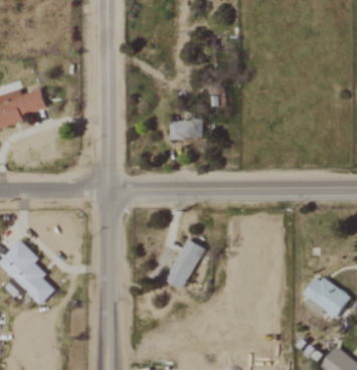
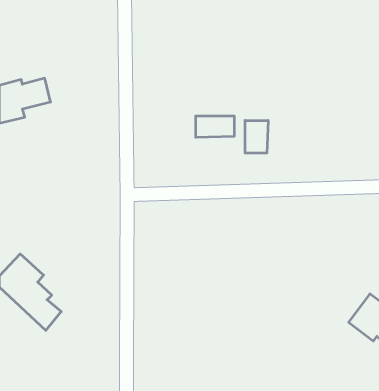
building: none -> [245,120,268,153]
building: [165,238,205,290] -> none

